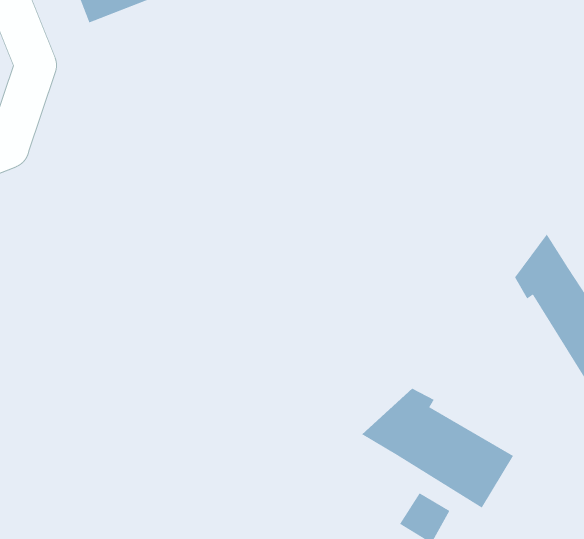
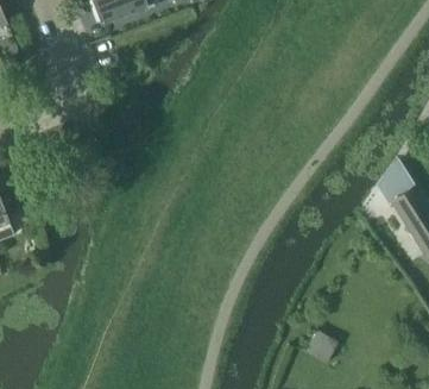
building: [361,388,514,508] -> none

